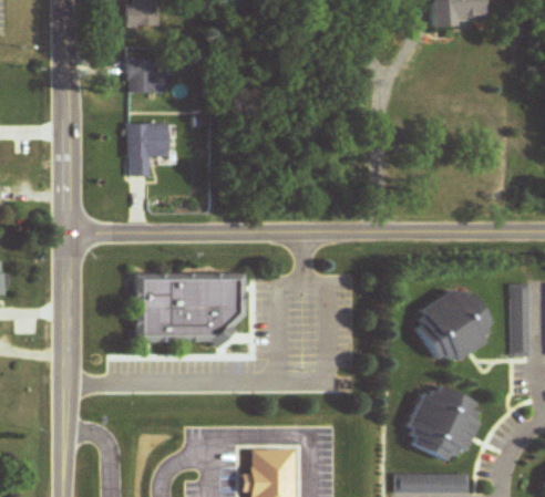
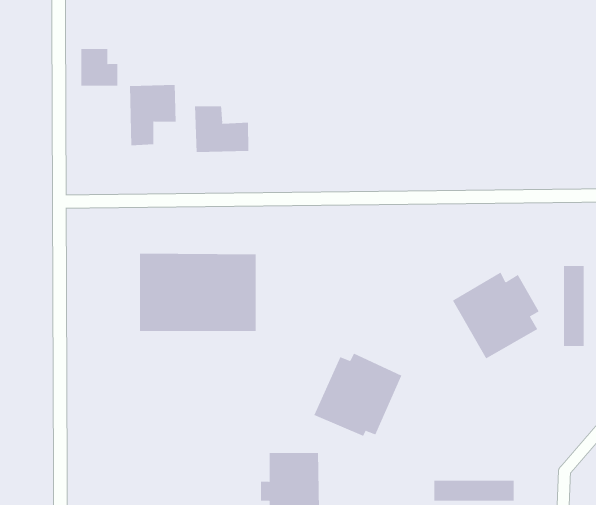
building: [128,59,162,92] -> [81,49,118,86]
building: none -> [195,105,249,153]
building: [404,385,483,459] -> [314,353,402,436]

